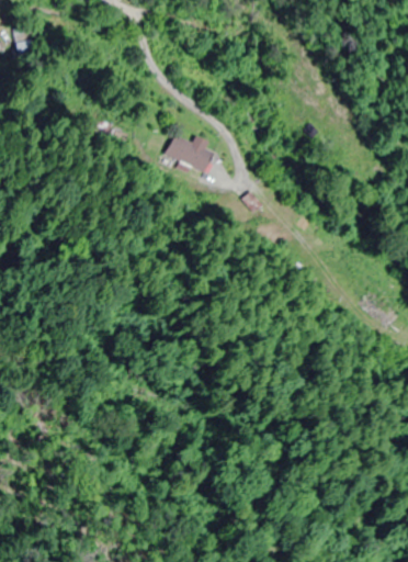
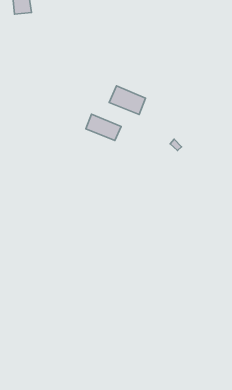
building: none -> [86,114,121,141]

